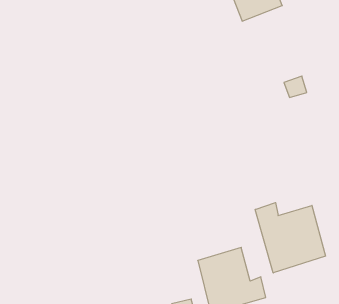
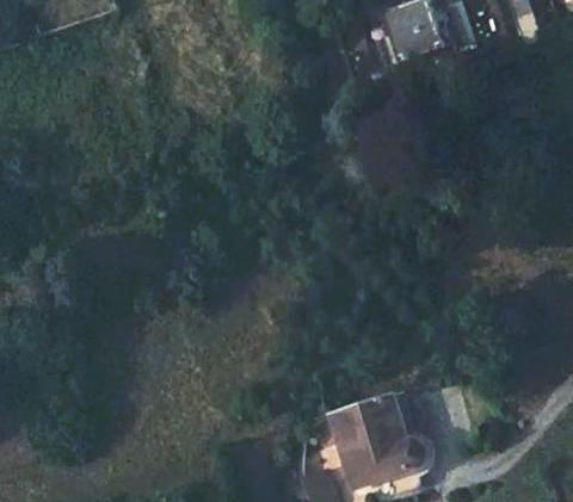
building: [255,203,325,273] -> none

